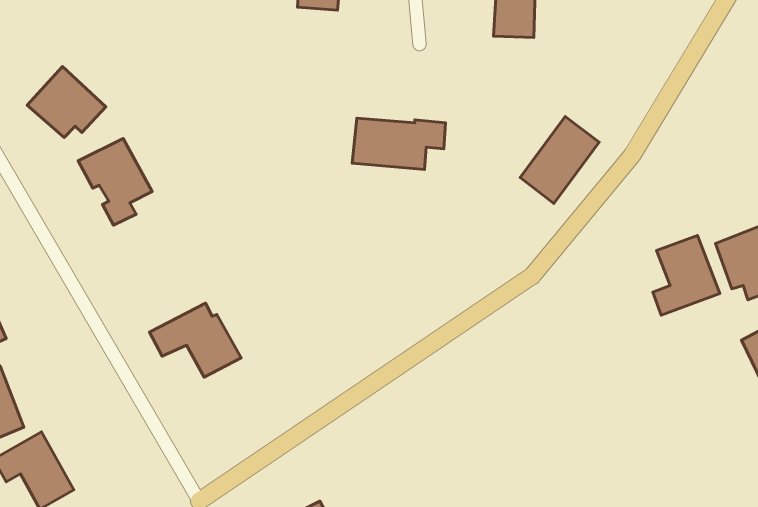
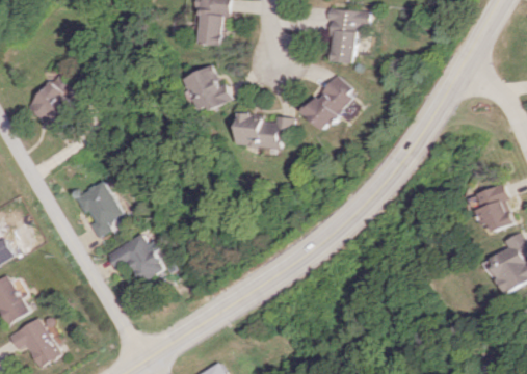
building: none -> [182,64,234,110]
building: [520,116,599,203] -> [304,74,354,130]
building: [78,138,152,225] -> [73,181,121,237]
building: [653,235,720,315] -> none

